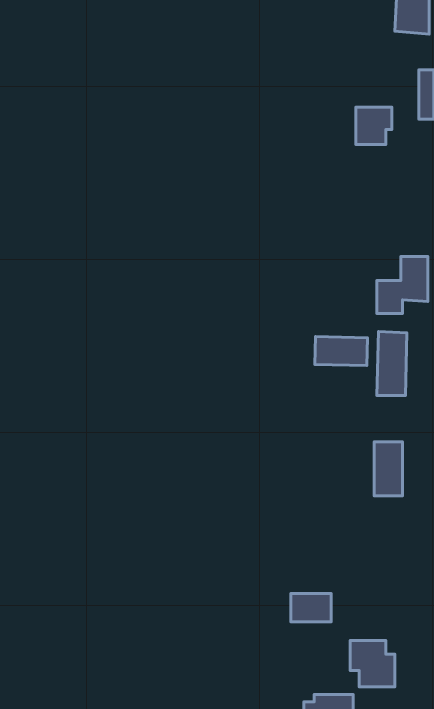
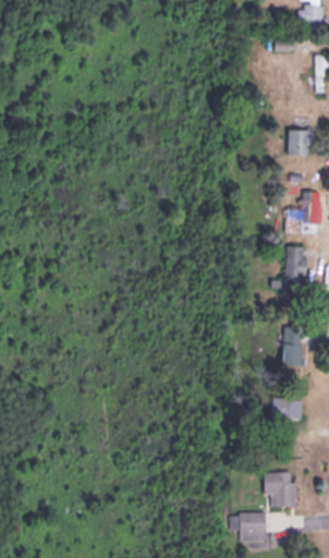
building: [356,107,392,144] -> [288,130,314,157]
building: [315,336,368,366] -> none
building: [291,594,331,622] -> [272,399,302,420]

